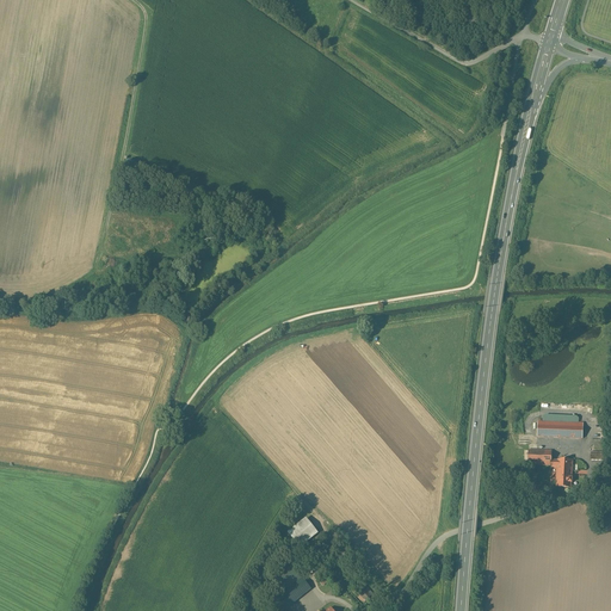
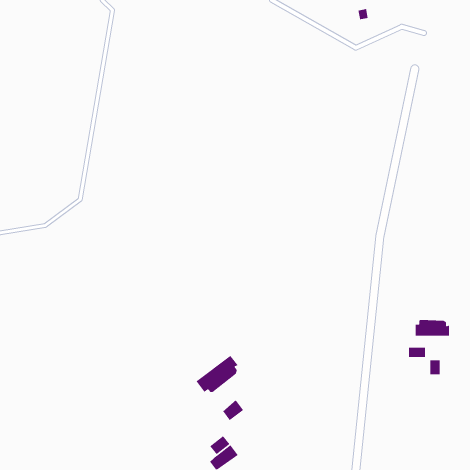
building: none -> [195,355,239,393]

